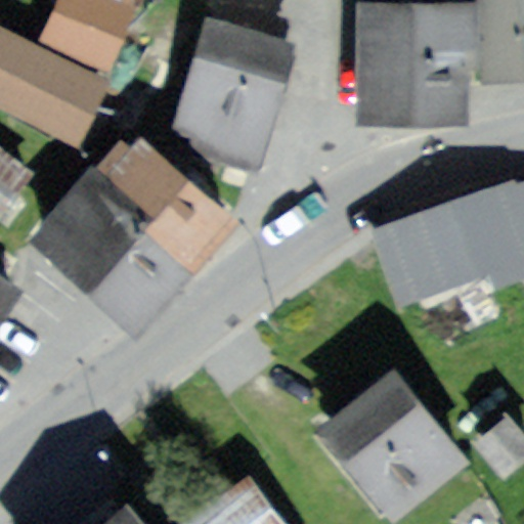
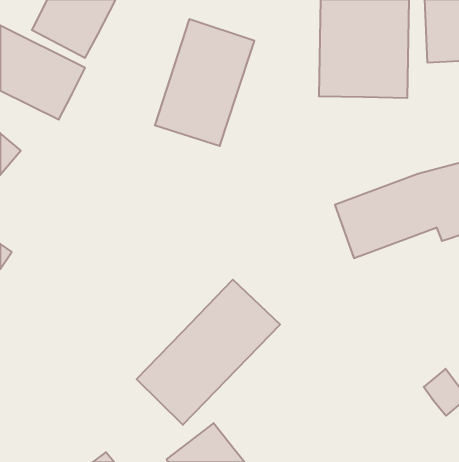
building: [36,134,229,326] -> none
building: none -> [137,280,280,425]
building: [337,374,458,499] -> none

